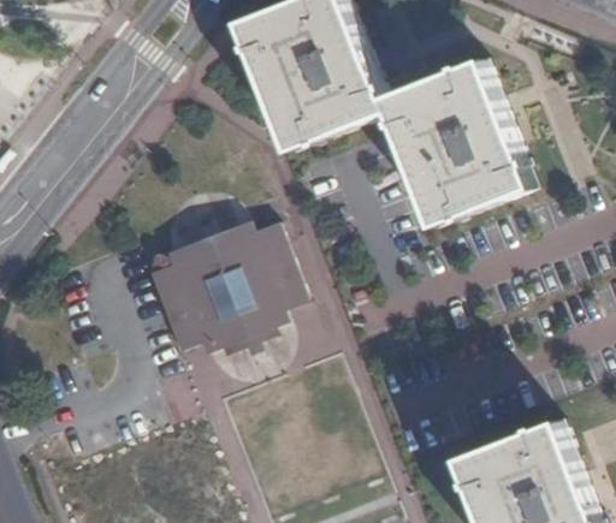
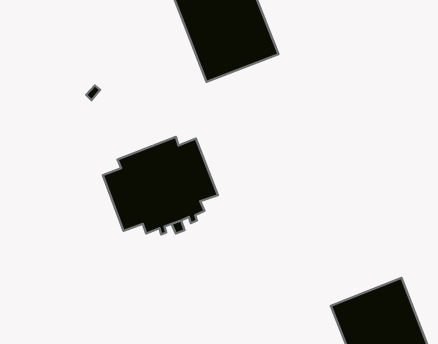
building: [385,69,533,236] -> none

